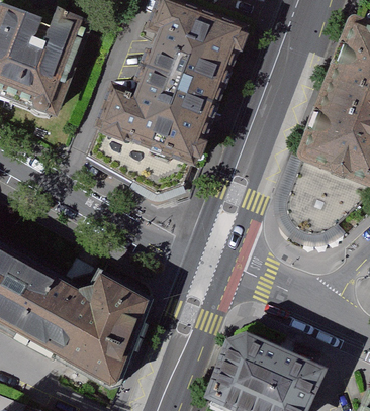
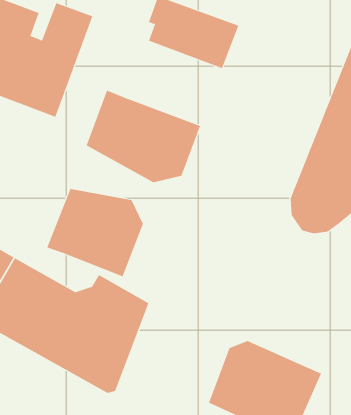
building: [130,43,224,126] -> none
building: none -> [46,188,144,277]

